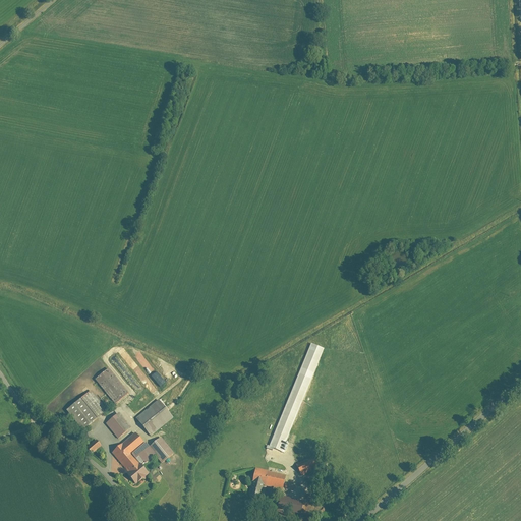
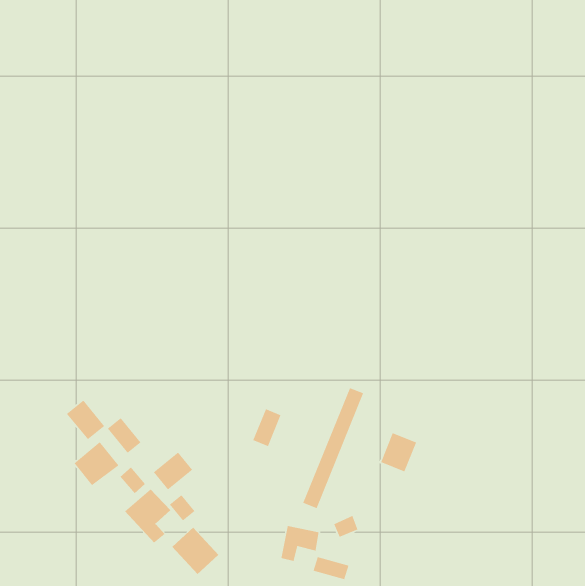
building: none -> [66,400,105,440]
building: none -> [252,408,282,447]
building: none -> [380,432,417,472]
building: none -> [172,527,219,575]

